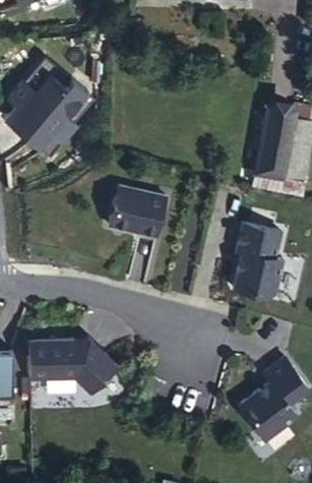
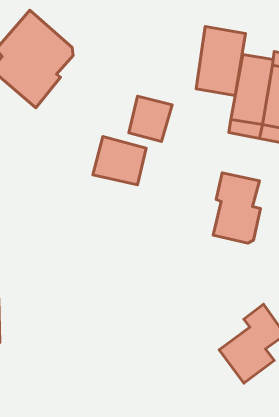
building: none -> [196,26,246,96]
building: none -> [129,96,172,141]
building: [27,341,118,394] -> none

